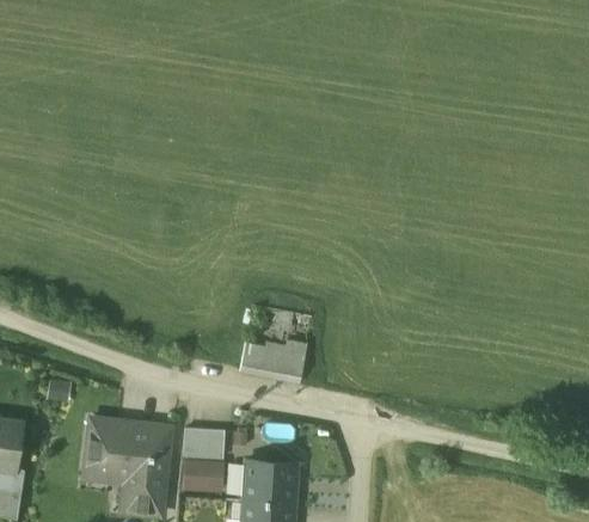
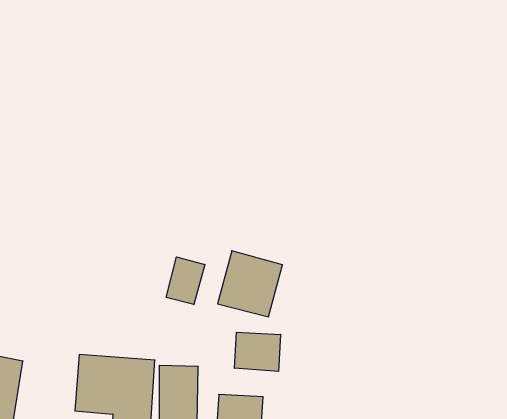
building: none -> [166,257,205,305]
building: none -> [234,332,281,371]

